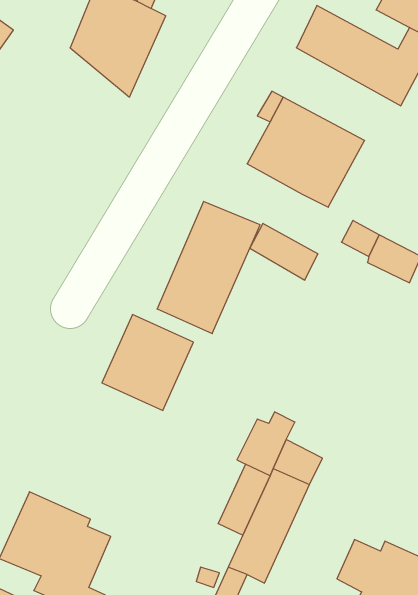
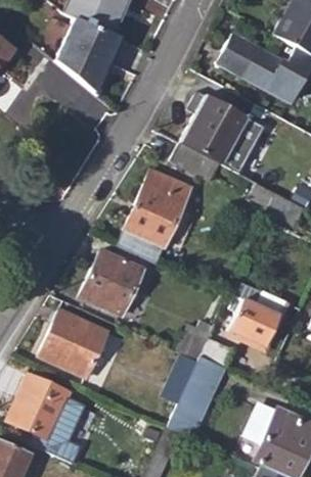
building: [250,223,318,280] -> [173,143,221,183]
building: none -> [227,282,286,347]
building: none -> [40,309,108,377]

